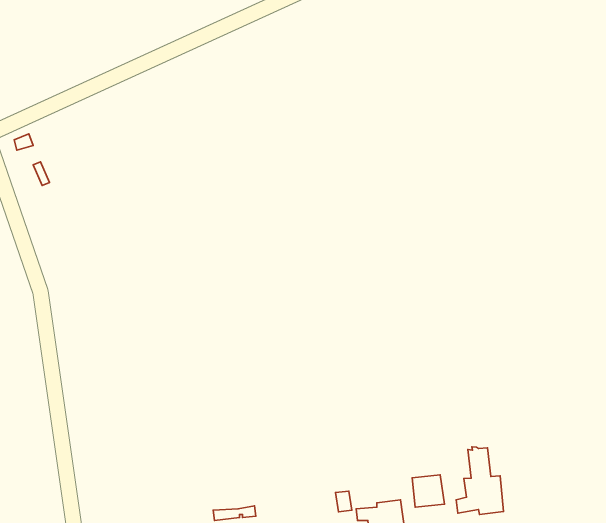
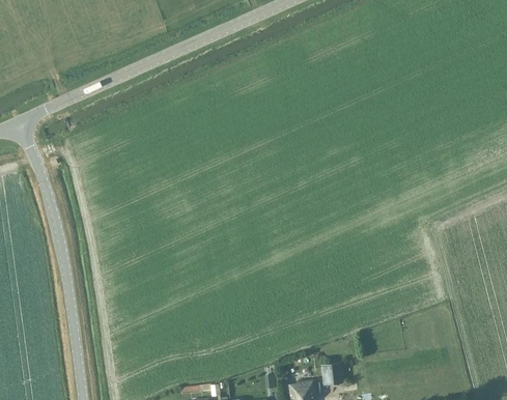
building: [456,447,504,514] -> none

